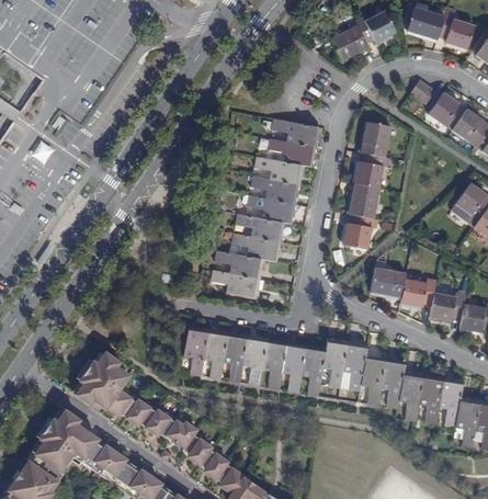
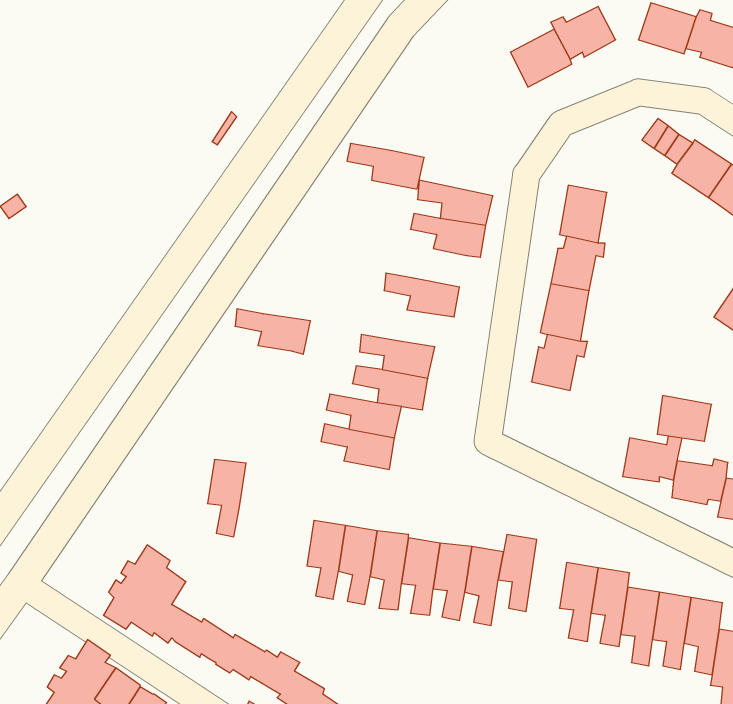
building: [252,158,300,186] -> [347,143,424,189]
building: [246,197,293,226] -> [235,309,311,354]
building: [370,270,404,298] -> [657,396,712,441]
building: [181,330,205,378] -> [207,460,246,537]
building: [338,344,365,393] -> none

